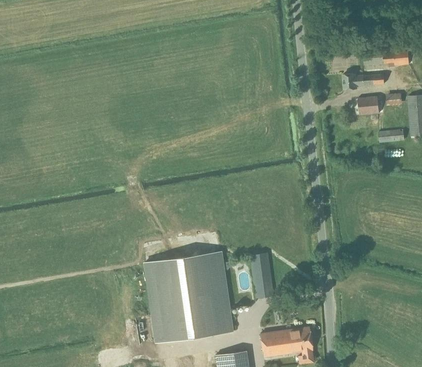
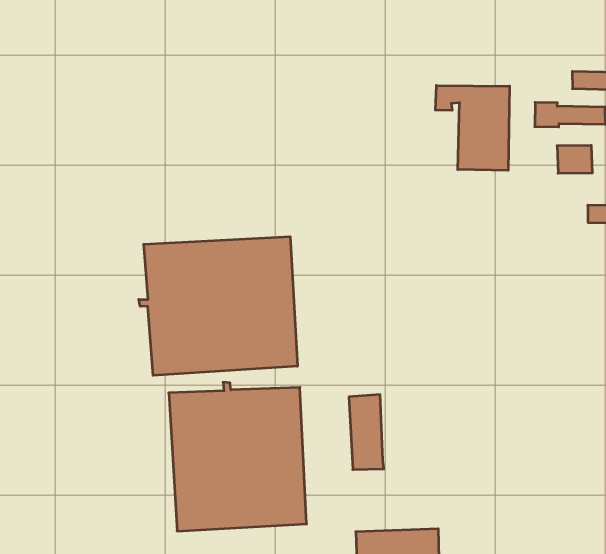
building: none -> [435,85,510,170]
building: none -> [139,237,297,375]

